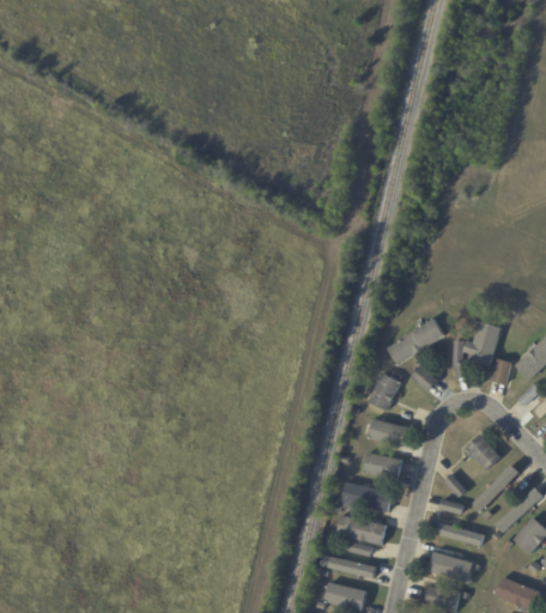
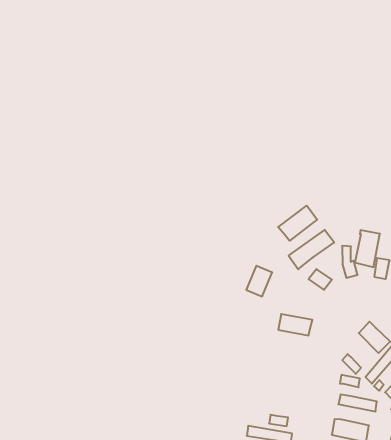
building: none -> [278,206,317,241]
building: [368,372,401,411] -> [246,266,272,296]
building: [363,451,402,479] -> none
building: [341,481,393,512] -> none
building: [336,514,387,545] -> none

